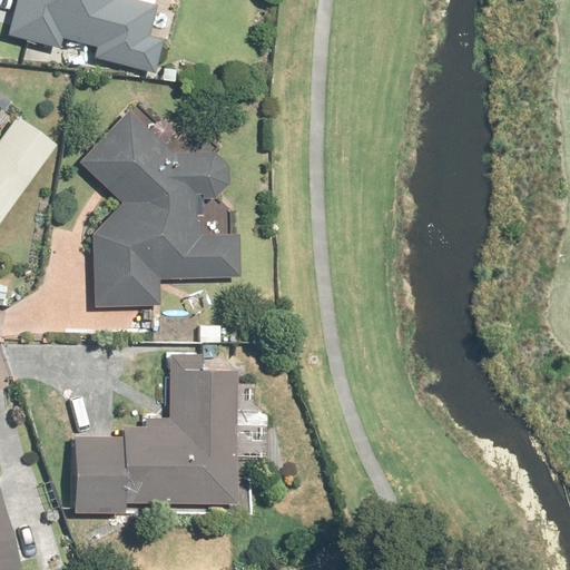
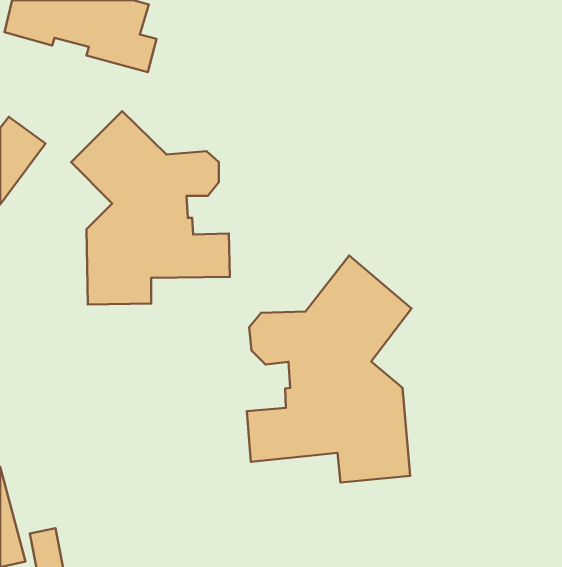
building: none -> [247,255,412,483]
building: [73,353,239,512] -> none

